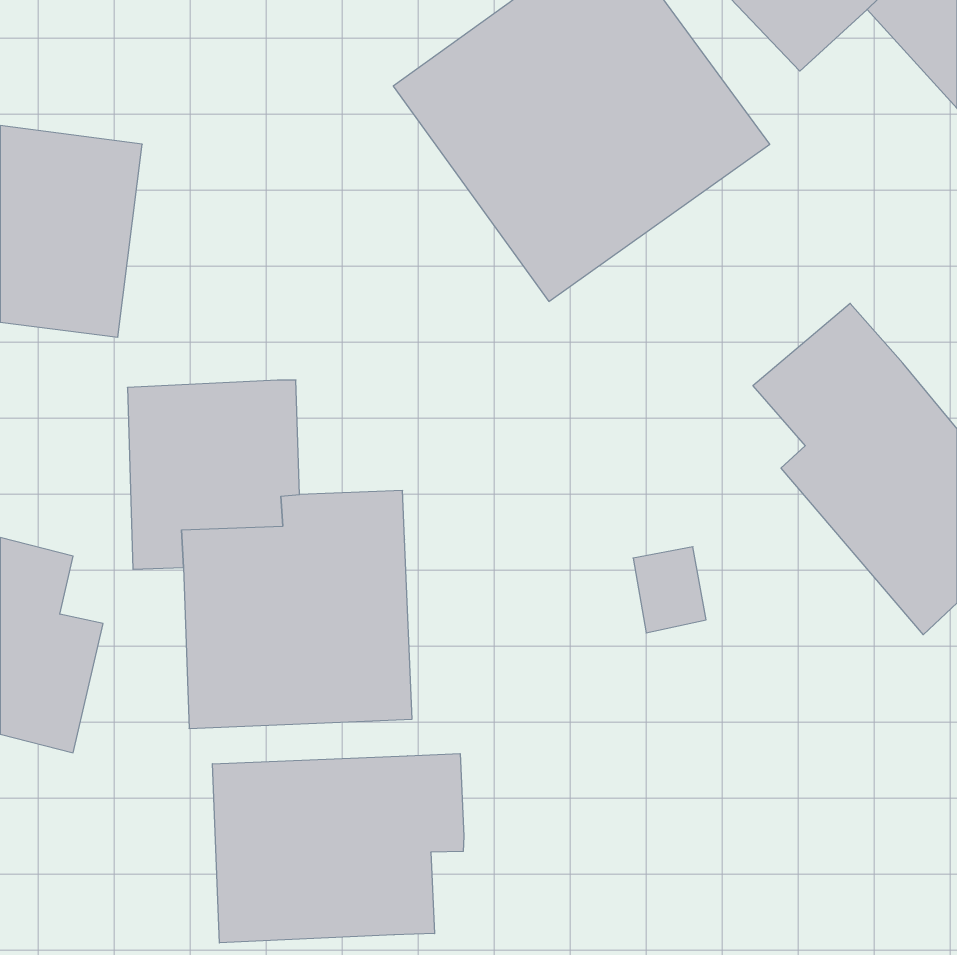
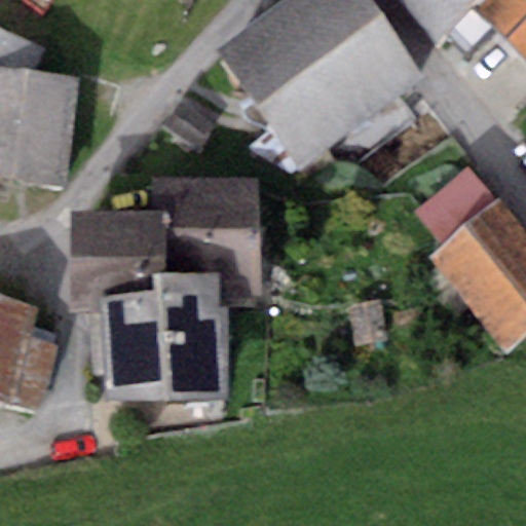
building: none -> [151,175,263,296]
building: [212,754,464,943] -> none

